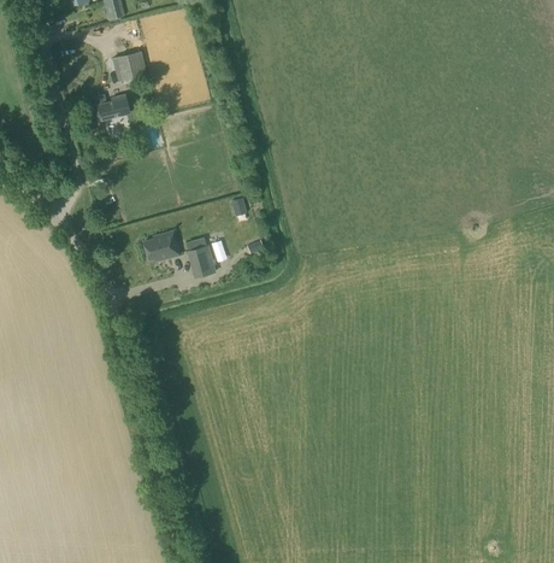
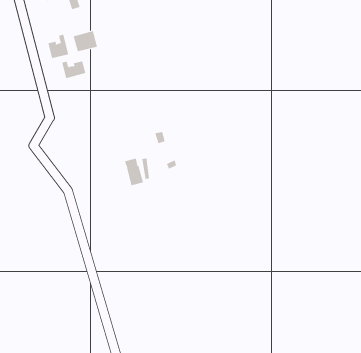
building: none -> [48,34,69,59]
building: [145,231,181,262] -> none

